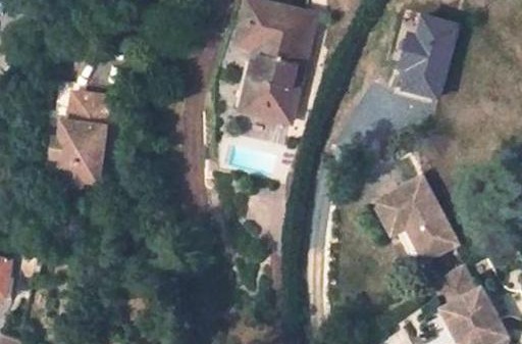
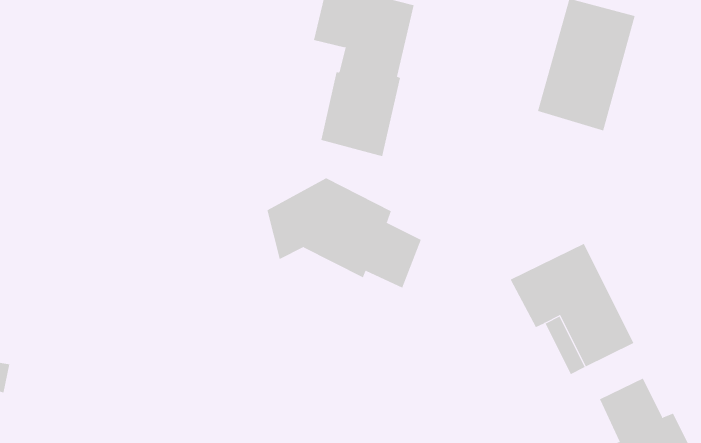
building: [58,92,116,183] -> none
building: none -> [267,178,421,288]

